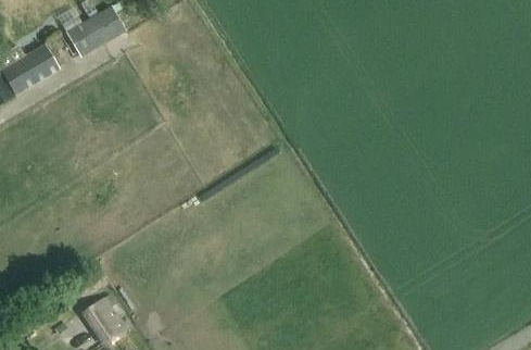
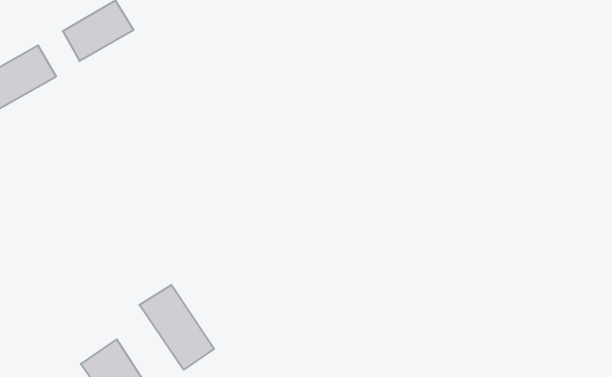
building: none -> [139,285,214,370]

